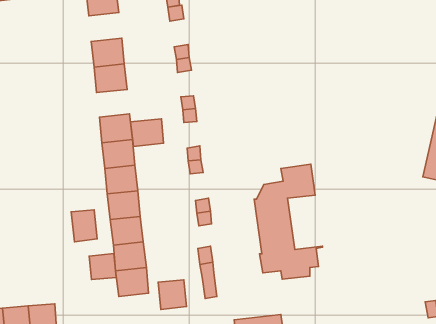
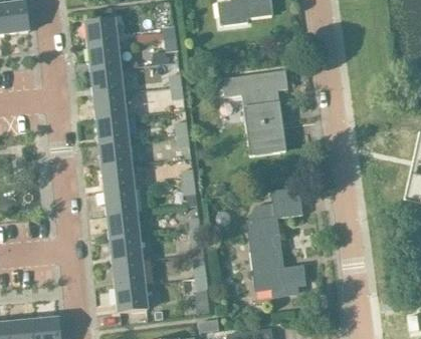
building: none -> [90,44,122,71]
building: none -> [222,70,288,156]
building: [130,119,164,146] -> [97,116,129,142]
building: [71,210,97,242] -> none
building: [89,253,116,280] -> none
building: [158,280,186,310] -> none

